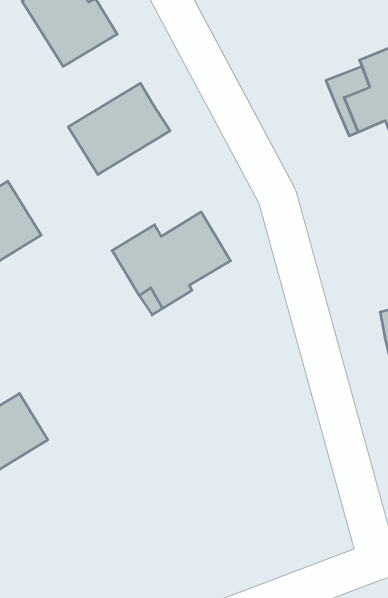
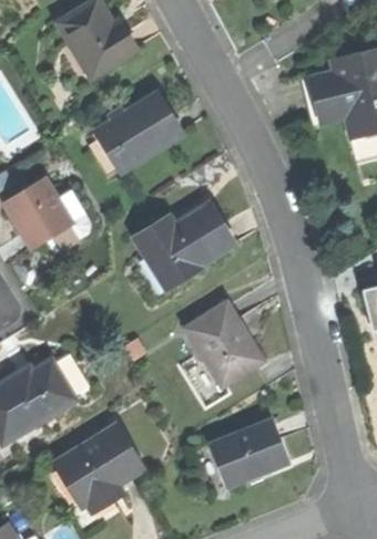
building: none -> [191,309,263,385]
building: none -> [215,421,293,486]
building: none -> [53,426,143,514]

